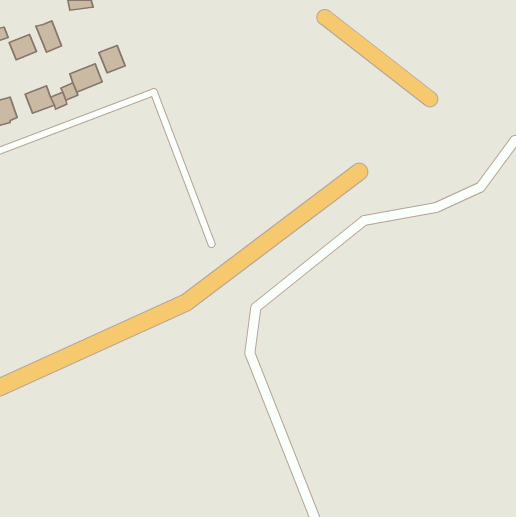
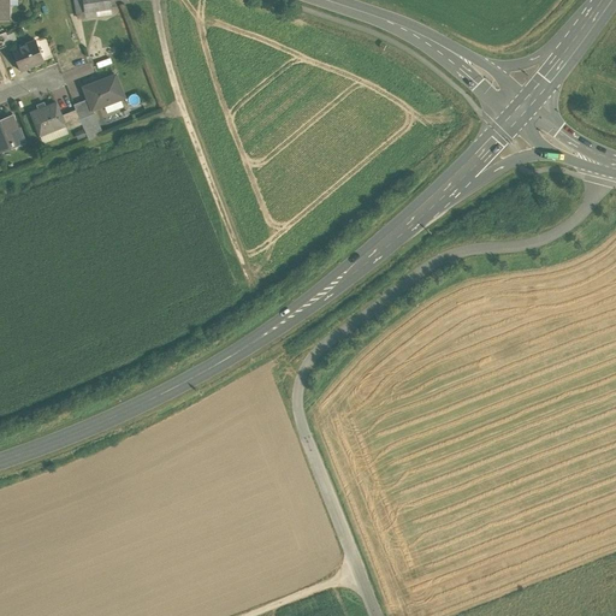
building: [36,21,62,52] -> none
building: [99,46,125,73] -> none

